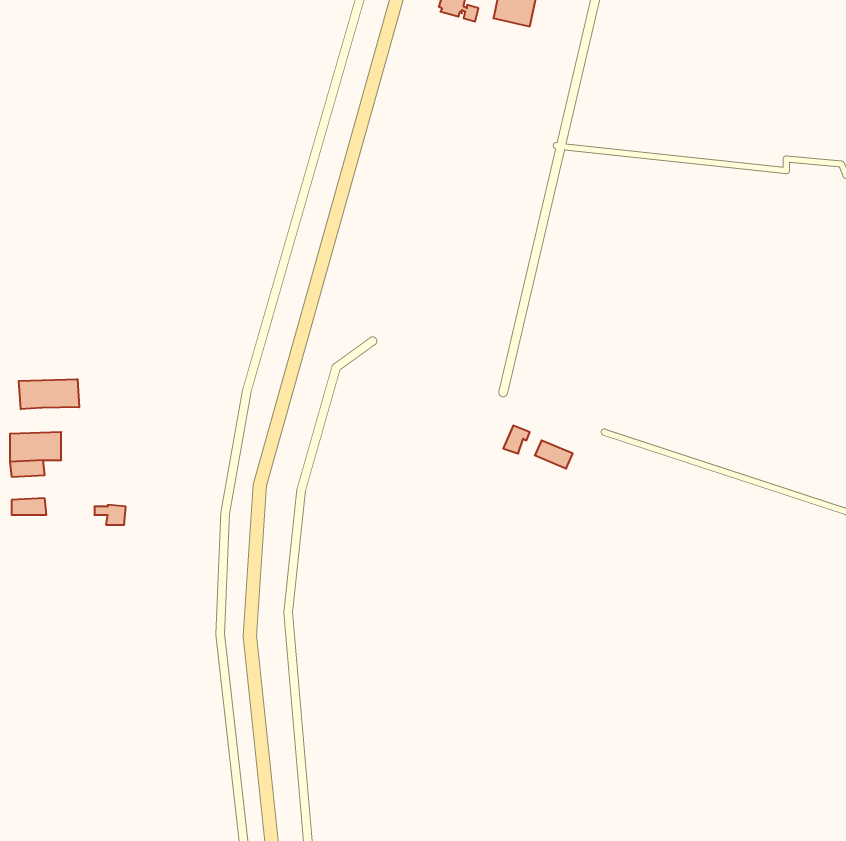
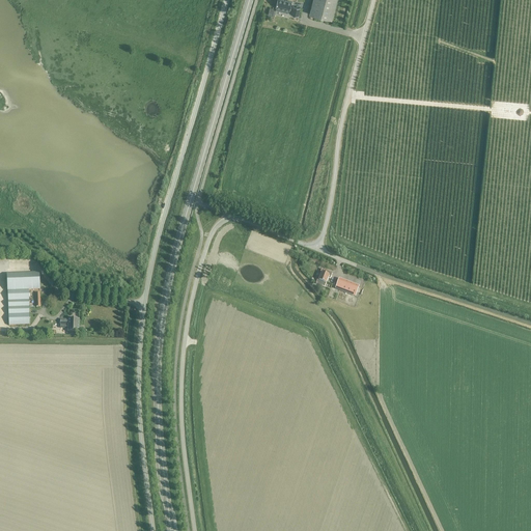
building: [19,379,79,409] -> none

